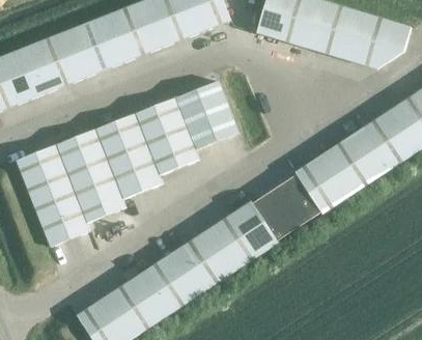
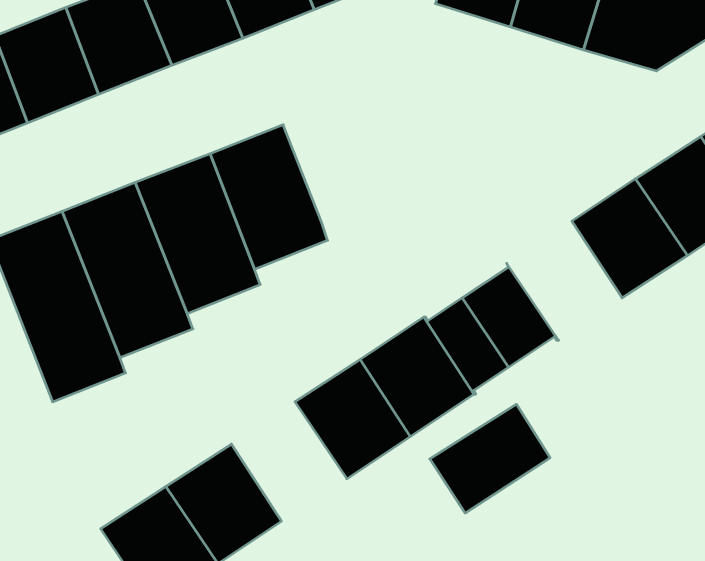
building: [174,81,238,150] -> none
building: [294,149,357,214] -> none
building: [146,247,208,311] -> none
building: none -> [430,404,550,513]

